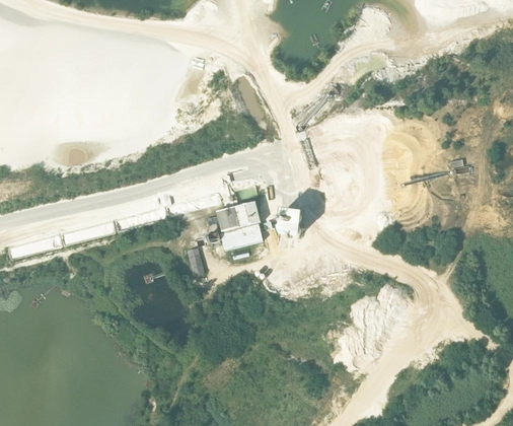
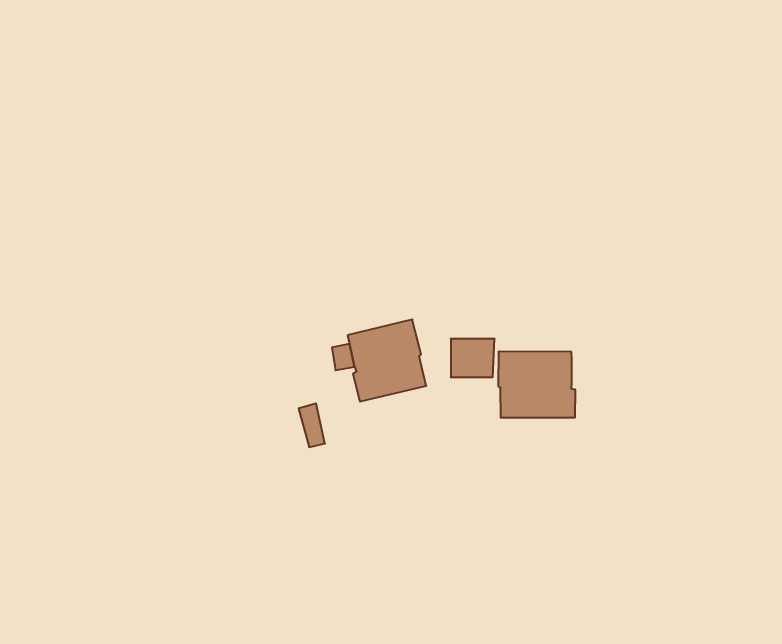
building: none -> [498,351,575,418]

